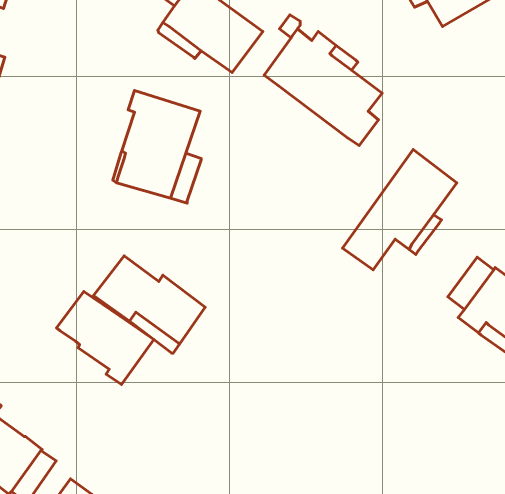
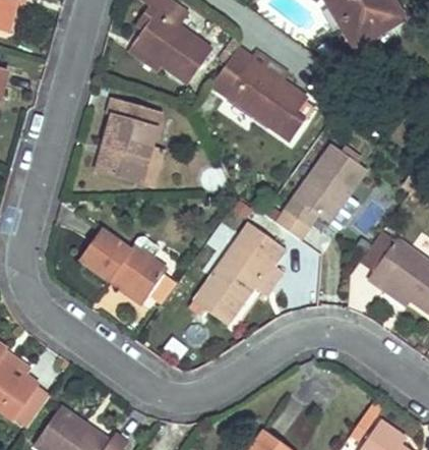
building: none -> [193,221,289,325]
building: [56,292,154,385] -> none

